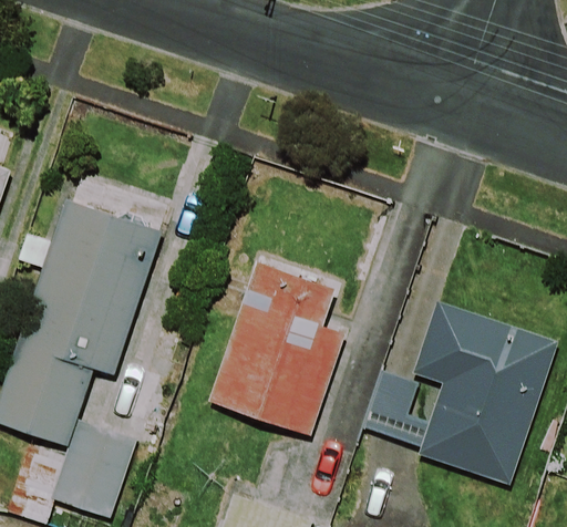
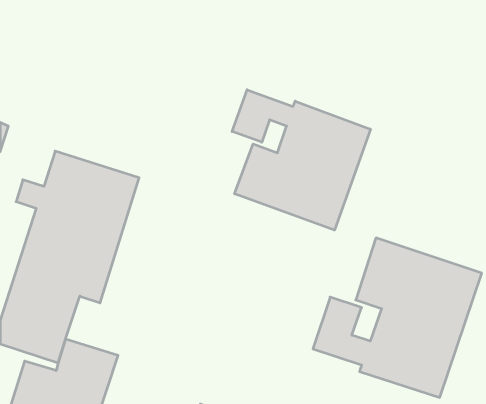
building: none -> [232,90,370,230]
building: [206,264,346,437] -> none

